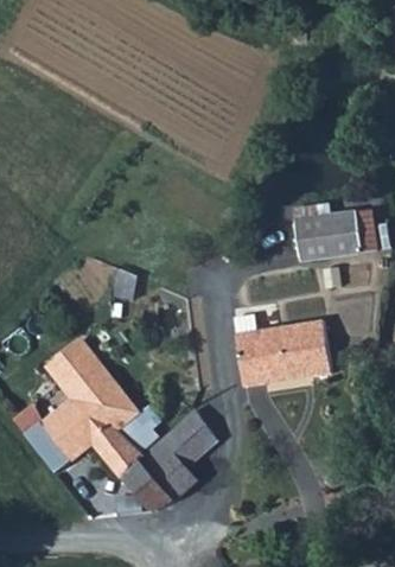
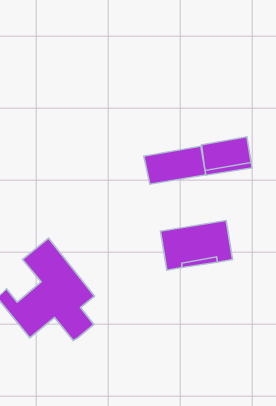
building: none -> [144,146,206,184]
building: [126,407,219,512] -> none

